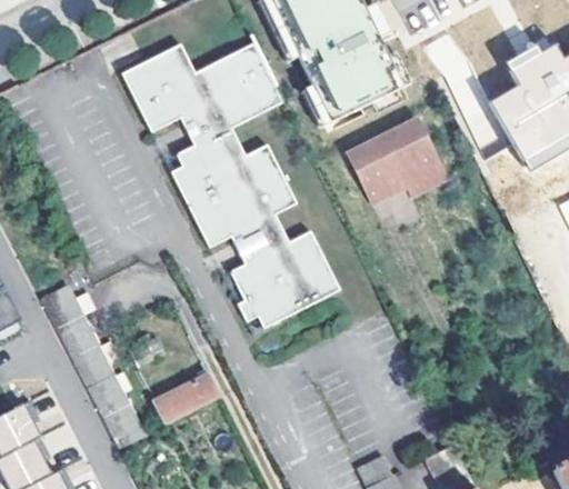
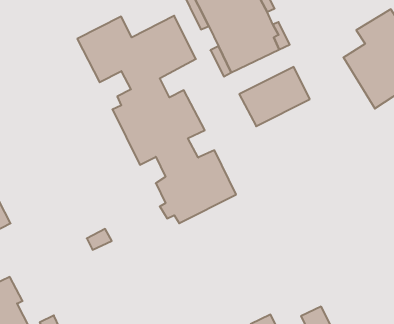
building: [367,157,452,202] -> none
building: [40,288,143,450] -> none
building: [158,375,222,422] -> none

